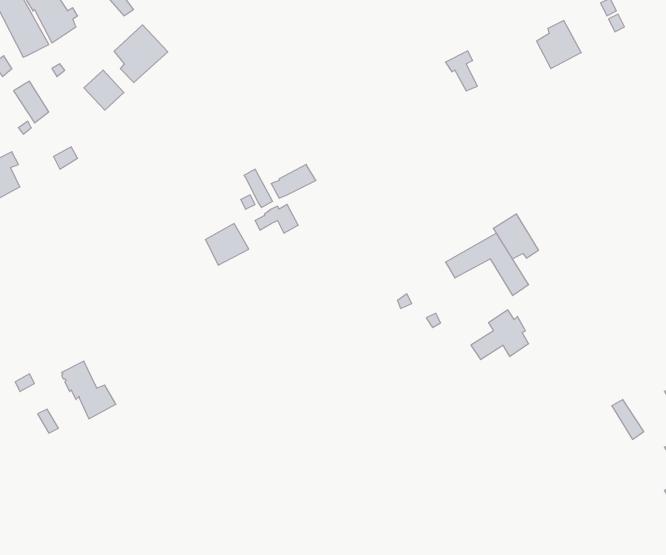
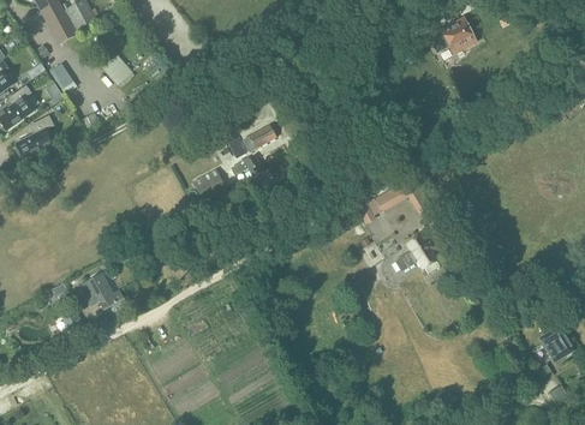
building: [114,25,168,83] -> none
building: [493,214,538,259] -> none

